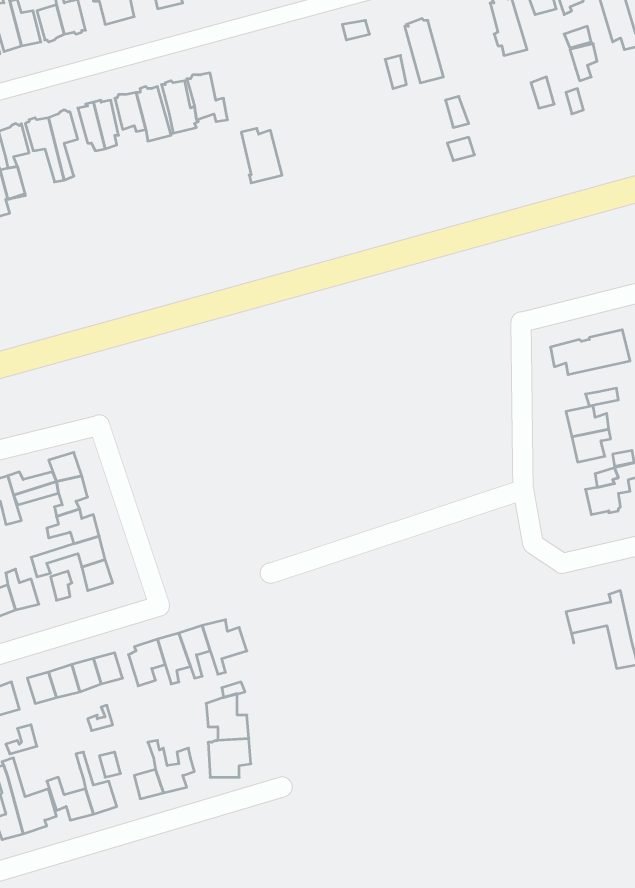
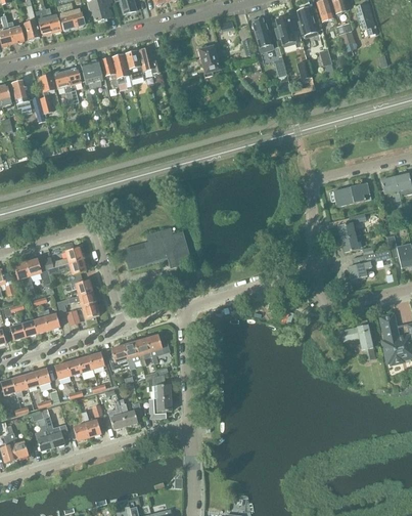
building: none -> [274,15,295,47]
building: [241,128,282,183] -> [198,45,220,74]
building: none -> [123,228,190,269]

